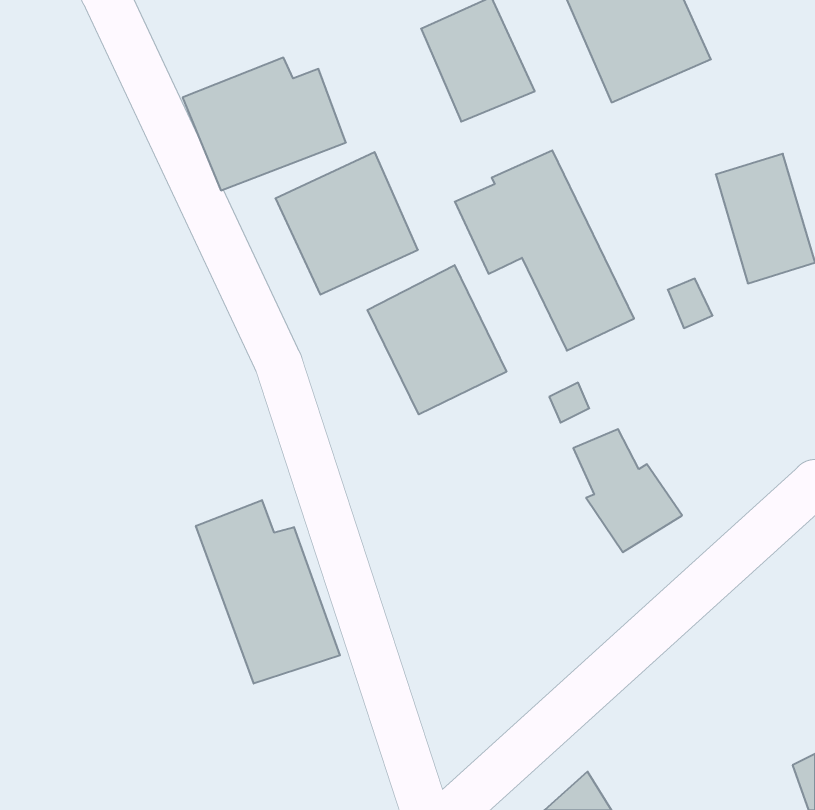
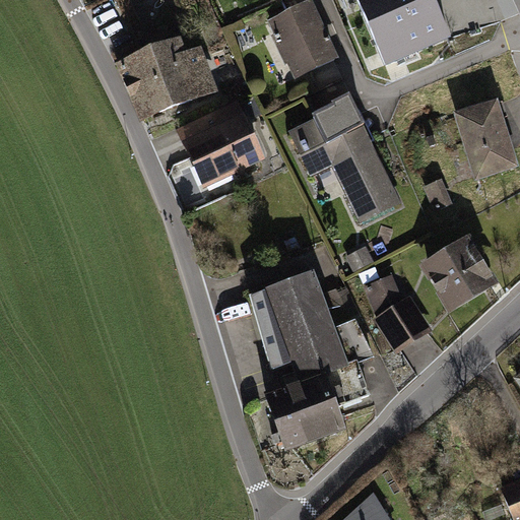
building: [367,265,506,414] -> none
building: none -> [418,234,501,313]
building: none -> [249,271,349,452]
building: [196,500,340,684] -> none

